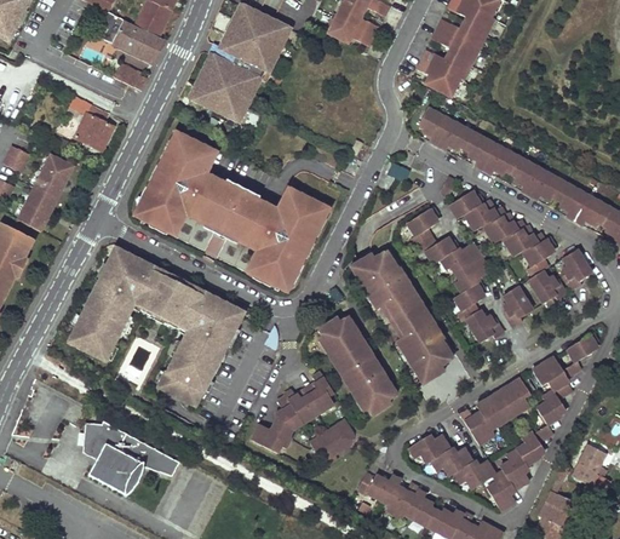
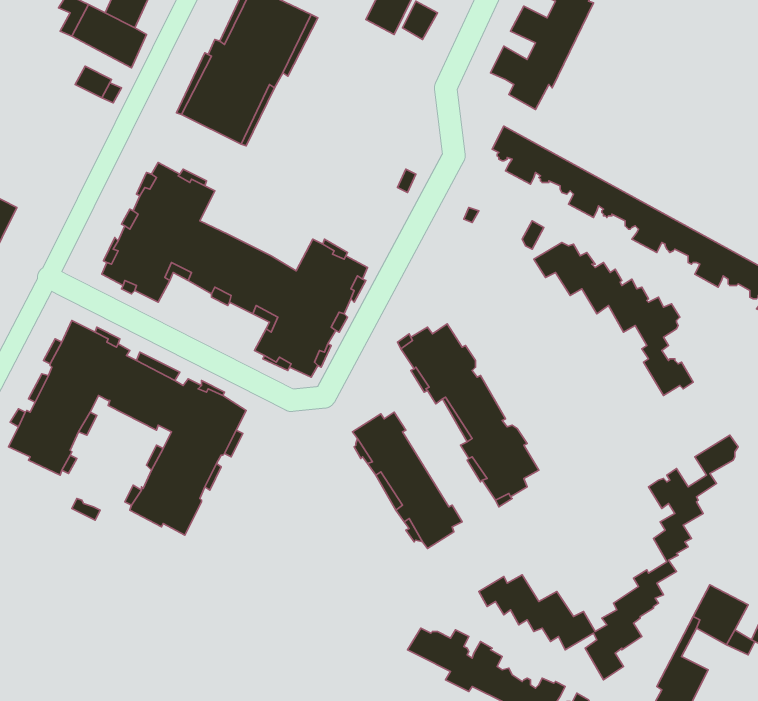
building: [74,103,114,150] -> none
building: [407,206,504,342] -> none
building: [563,248,592,288] -> none
building: [504,286,533,326] -> none
building: [251,371,334,453] -> none
building: [460,378,529,442] -> none
building: [84,419,179,494] -> none
building: [310,423,351,461] -> none

